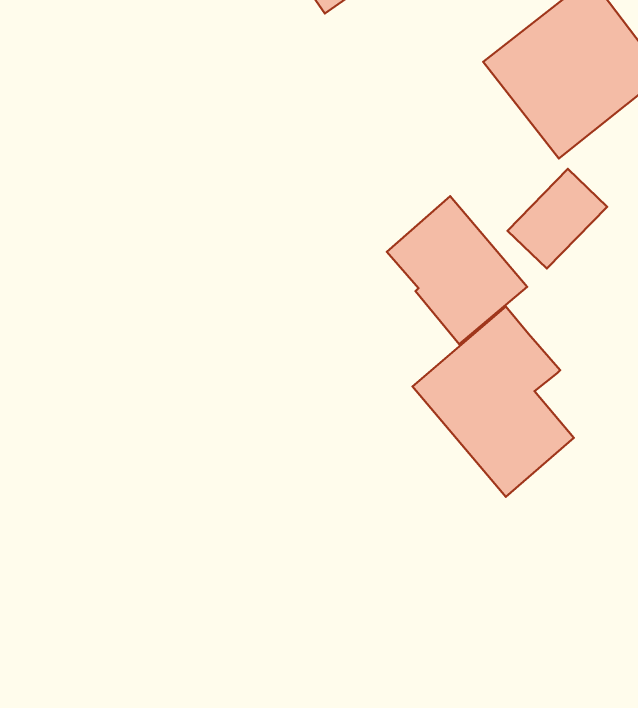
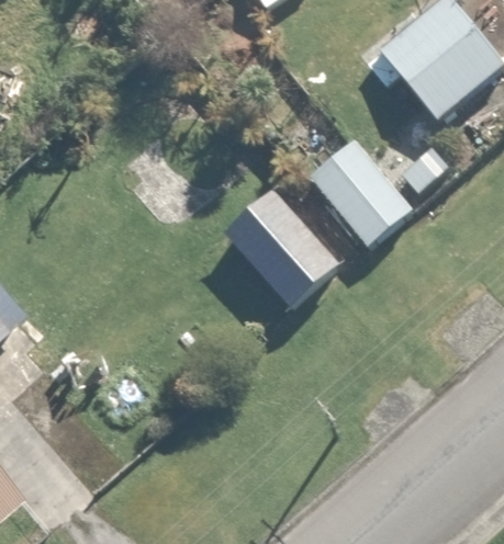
building: [412,307,574,497] -> [224,168,341,306]

